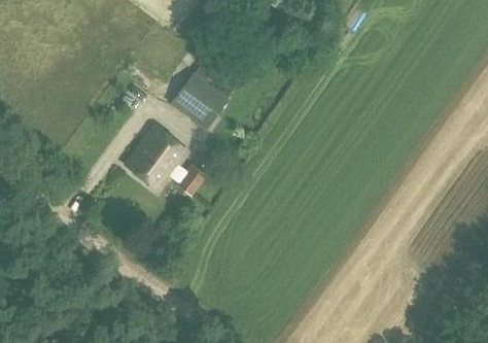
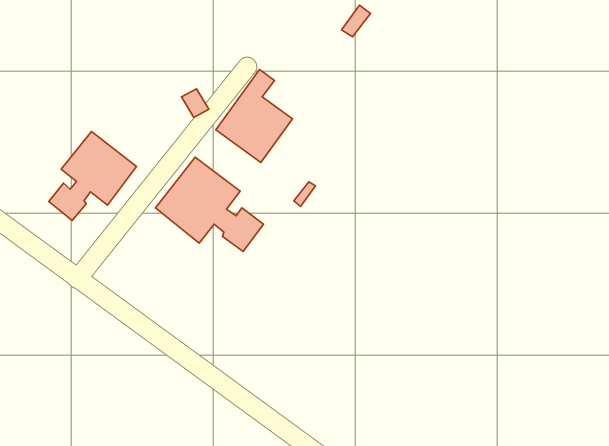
building: none -> [49,131,137,221]

